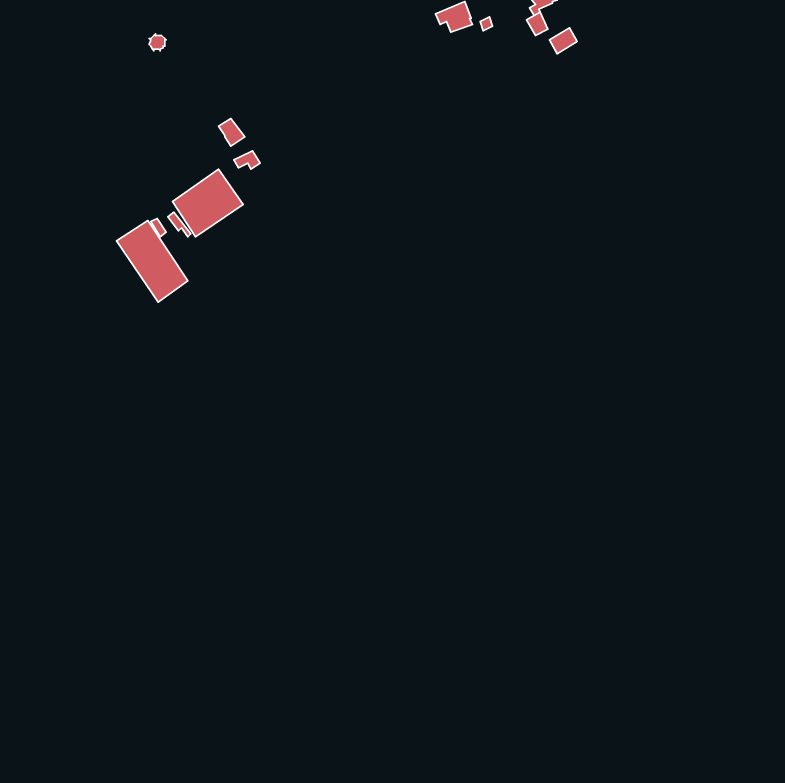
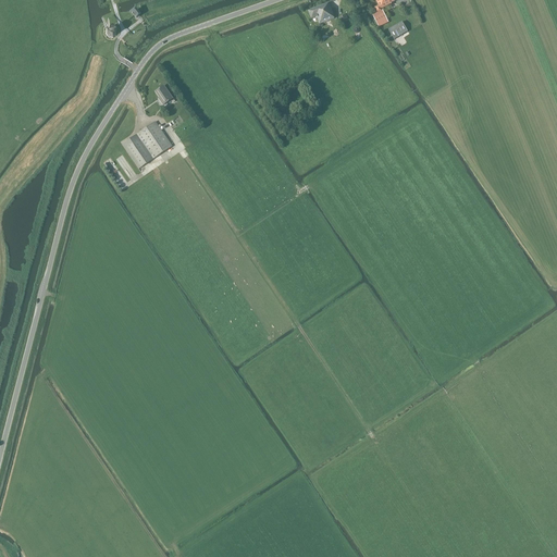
building: [117,221,188,302] -> none

